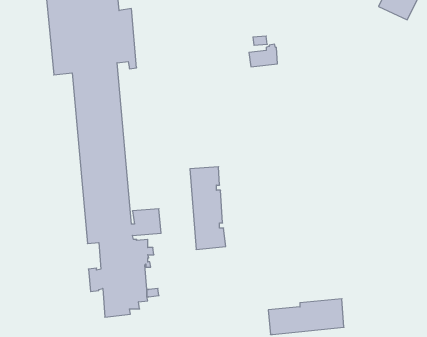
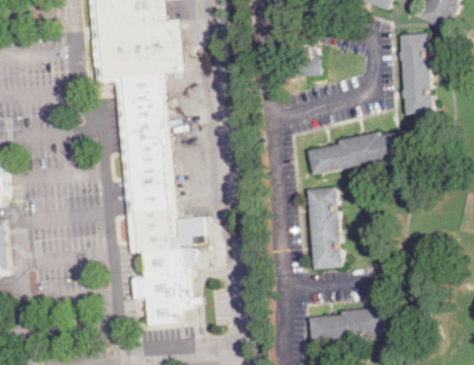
building: none -> [399,32,433,114]
building: none -> [308,128,415,174]
building: [190,167,226,249] -> [307,187,343,269]

